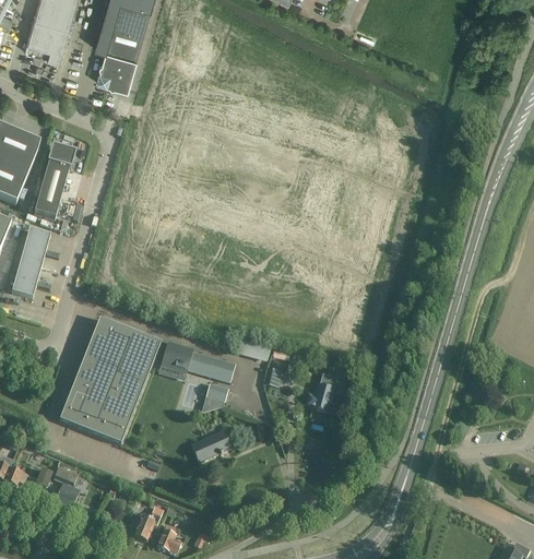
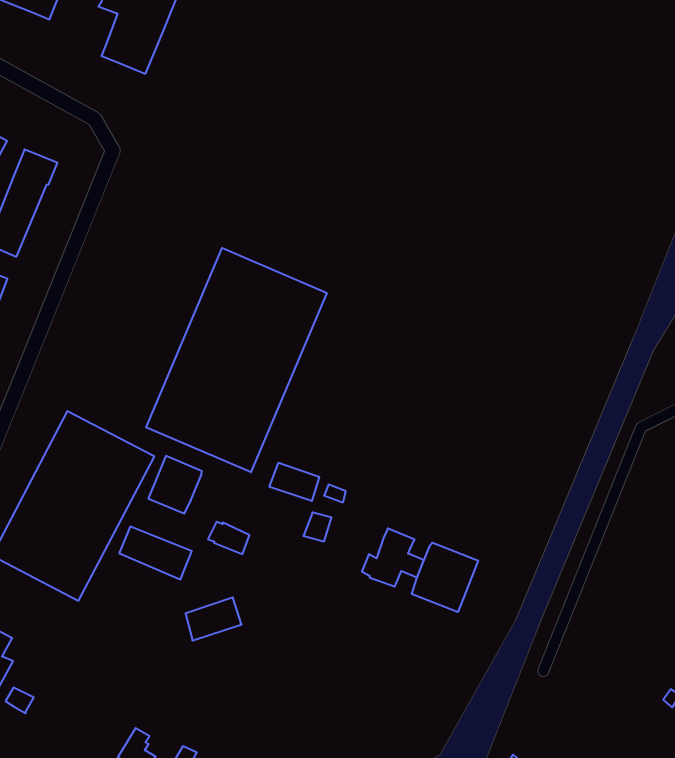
building: none -> [146,248,327,472]
building: [188,349,236,381] -> [119,527,192,579]
building: none -> [412,543,478,612]
building: [133,504,164,539] -> none

